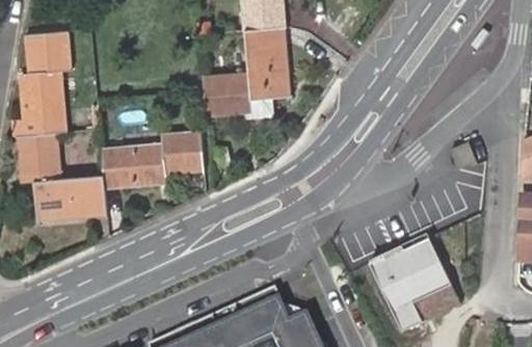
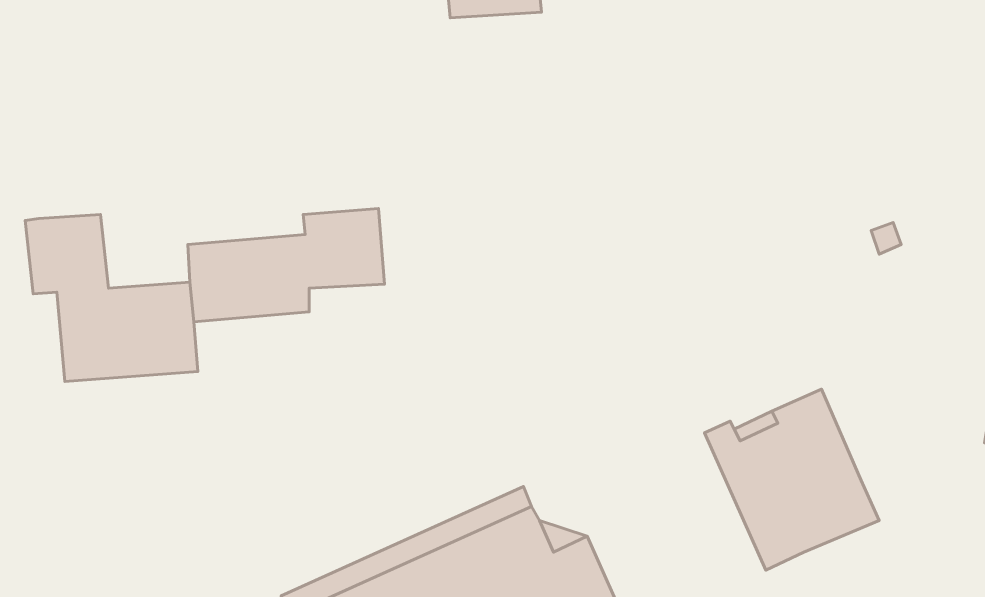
building: [202,34,292,119] -> none
building: [18,36,69,142] -> none

